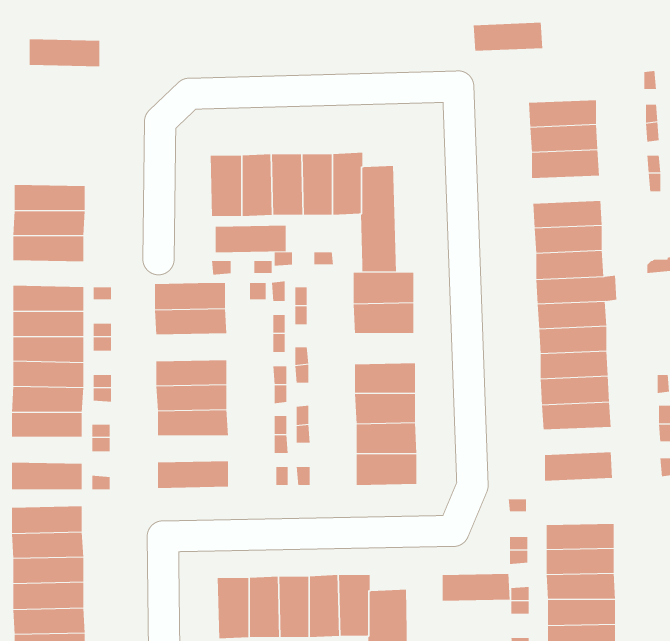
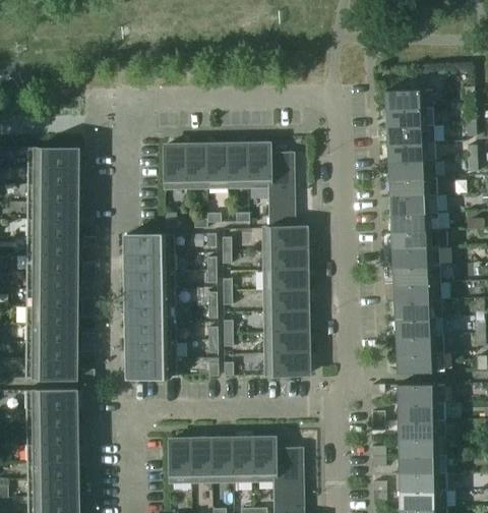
building: [473,22,543,51] -> [385,89,434,109]
building: [29,39,100,67] -> [28,148,78,167]
building: none -> [388,160,437,179]
building: [215,225,286,253] -> [127,270,177,289]
building: none -> [27,219,77,237]
building: none -> [265,270,308,291]
building: none -> [396,335,444,354]
building: none -> [128,341,178,359]
building: none -> [26,342,76,360]
building: [442,573,511,601] -> [399,384,446,403]

